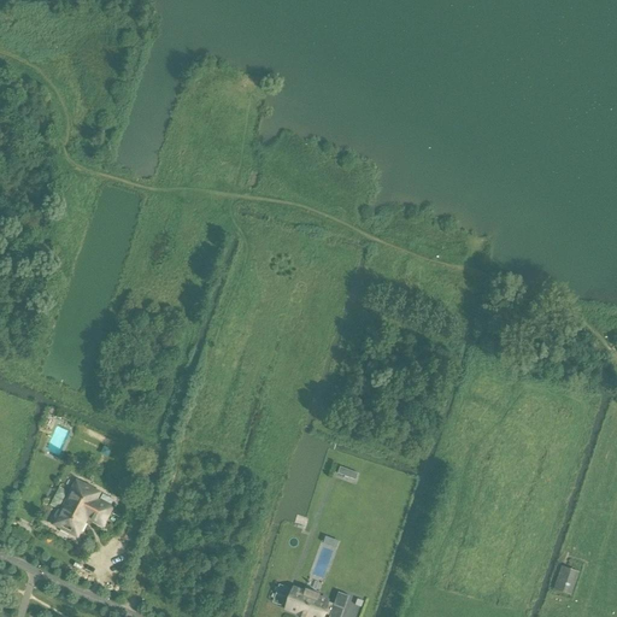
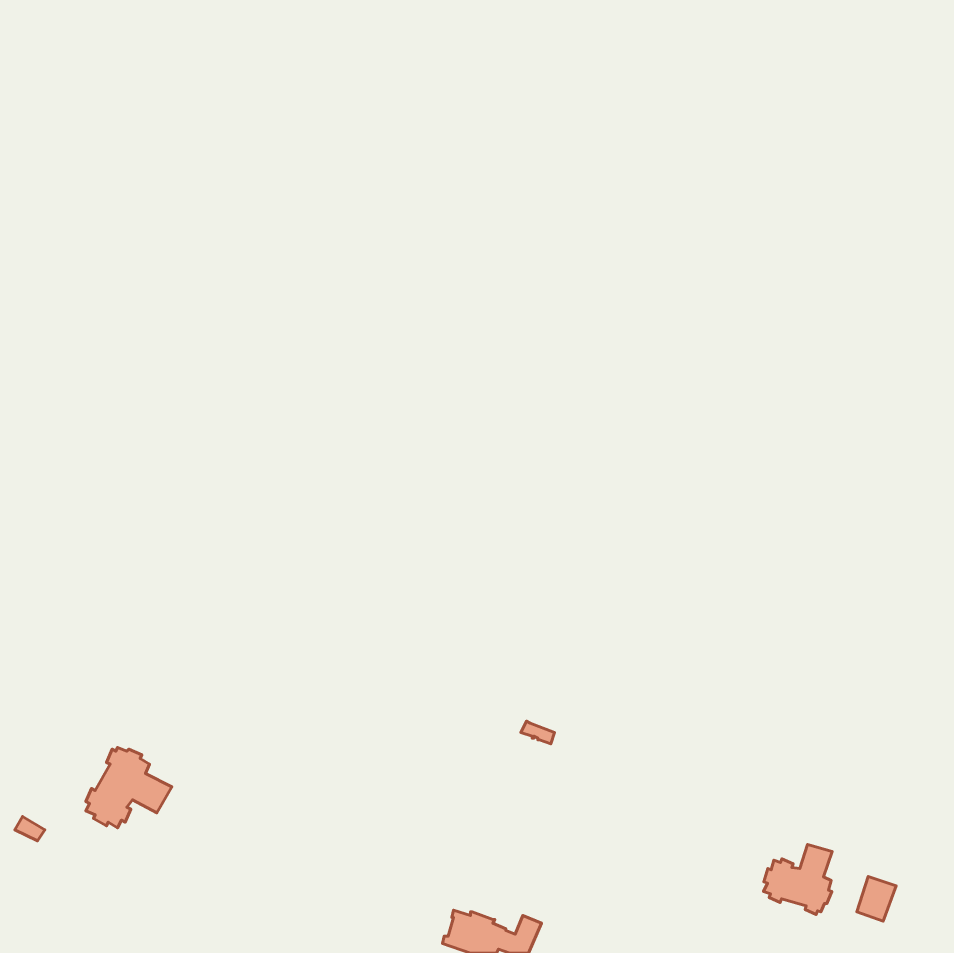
building: none -> [764,844,832,914]

